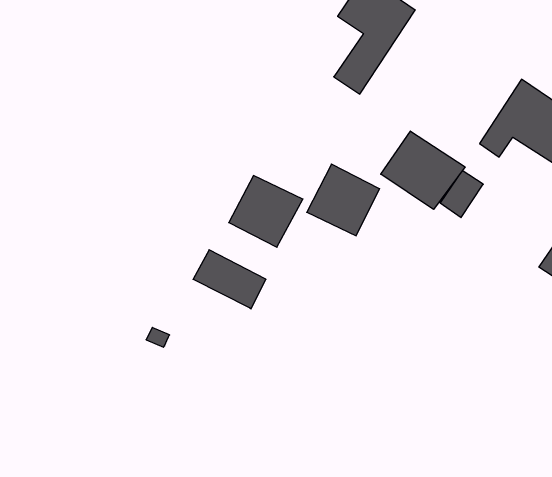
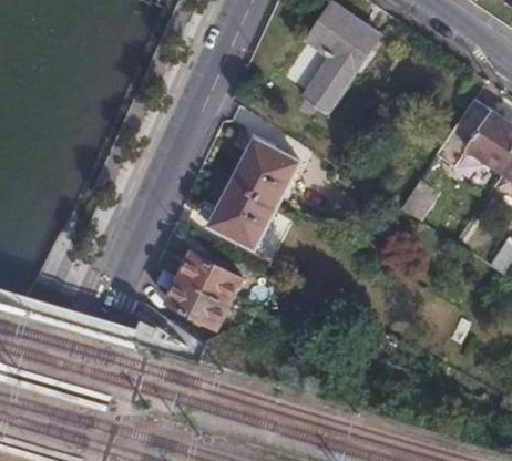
building: [381,131,465,209] -> none
building: [307,164,380,236] -> [233,140,298,204]
building: none -> [165,276,231,329]

